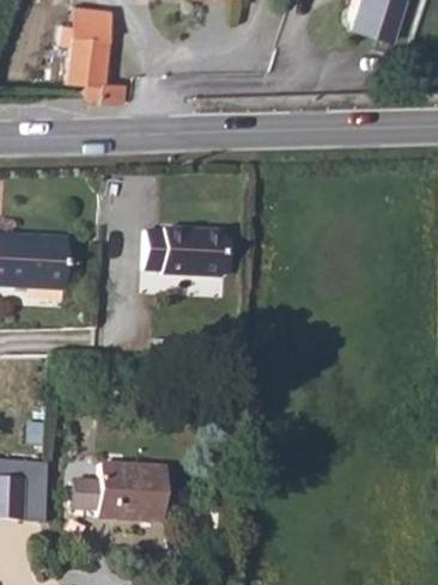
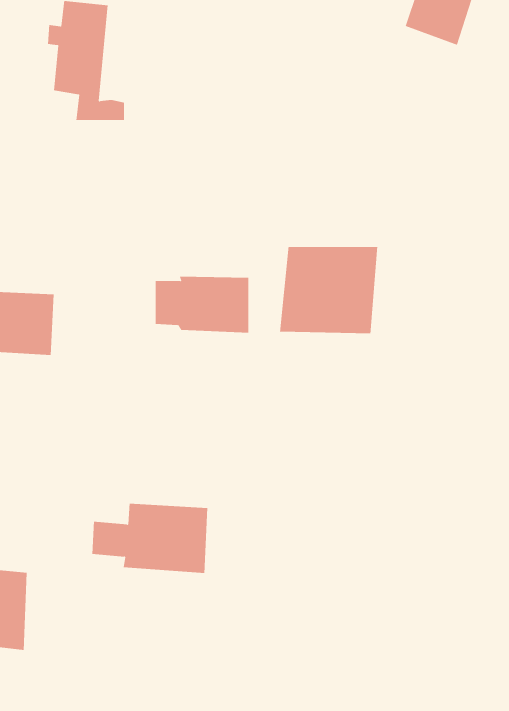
building: none -> [280,246,378,334]
building: [72,469,165,525] -> [92,503,208,574]

